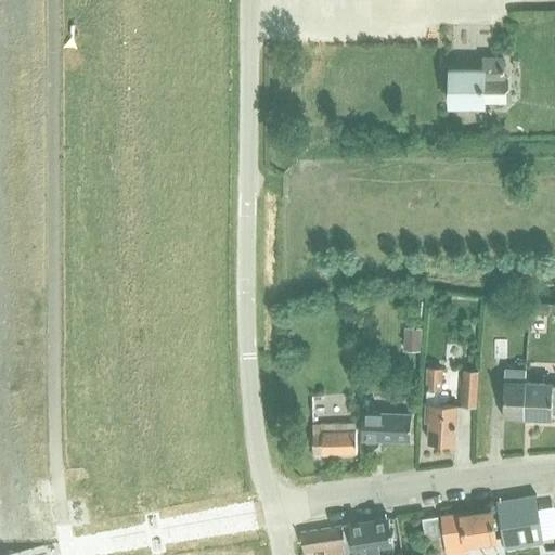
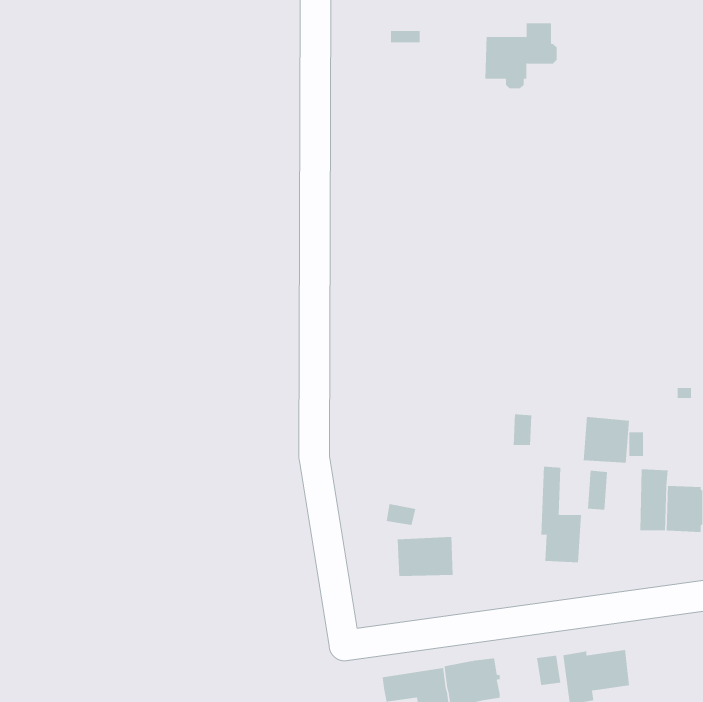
building: [450,61,507,113] -> [484,23,557,89]
building: none -> [583,416,629,463]
building: [361,412,411,442] -> none
building: [496,496,543,550] -> none

